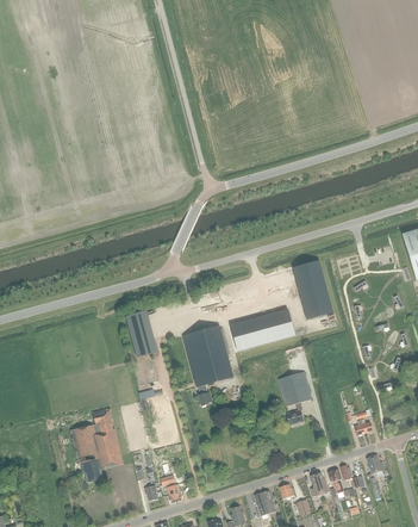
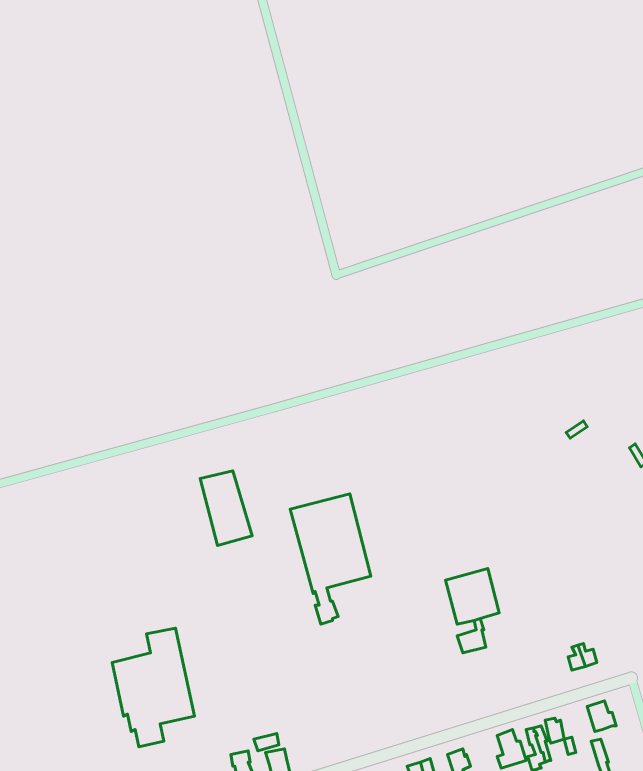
building: [292,260,332,318] -> none
building: [242,309,294,347] -> none

